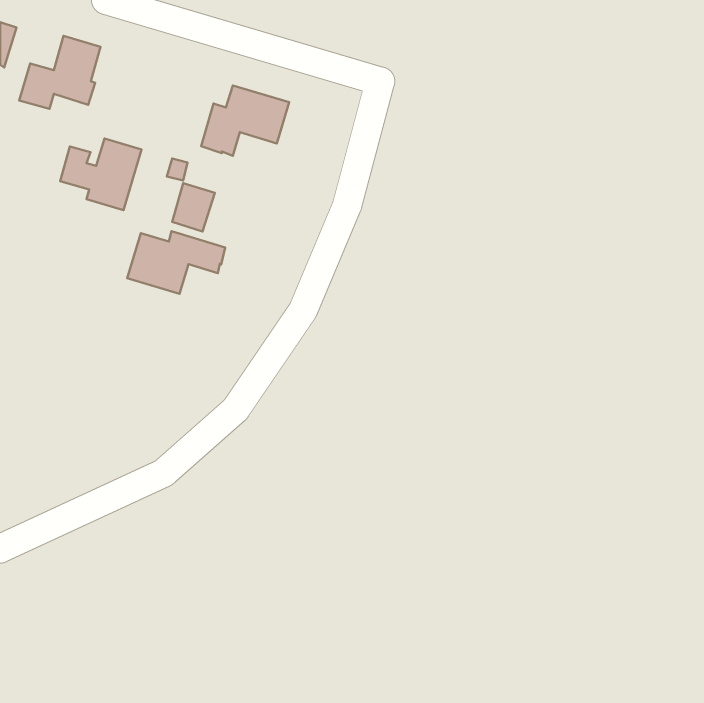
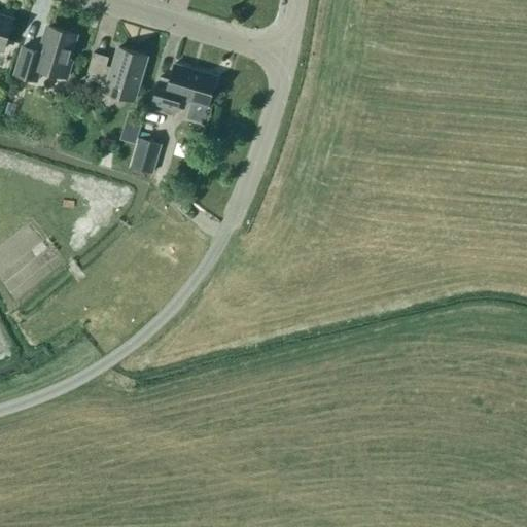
building: [60,138,142,210] -> [85,48,146,102]
building: [127,231,225,294] -> none

